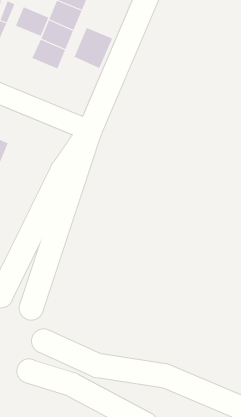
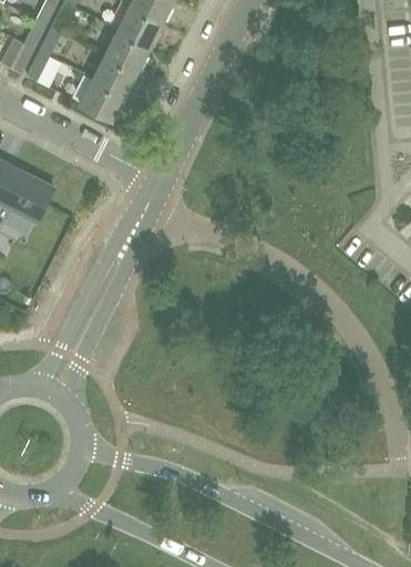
building: [15,6,49,37] -> [79,80,124,121]
building: [74,27,113,69] -> none

